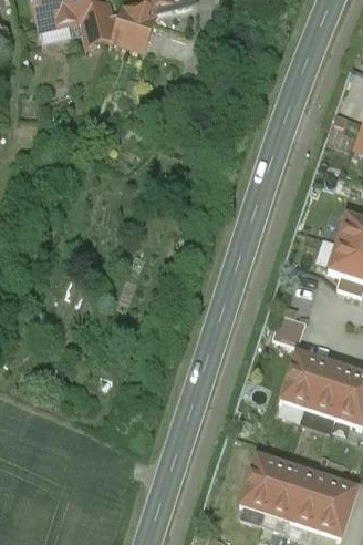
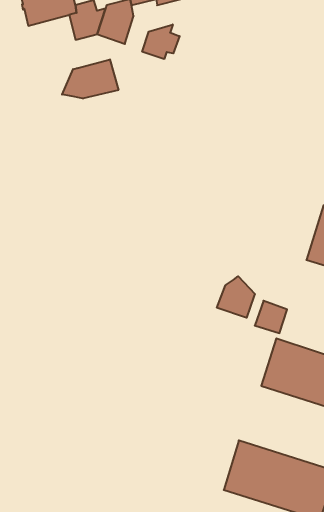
building: none -> [142,24,180,59]
building: none -> [62,59,118,99]
building: none -> [217,276,255,318]

